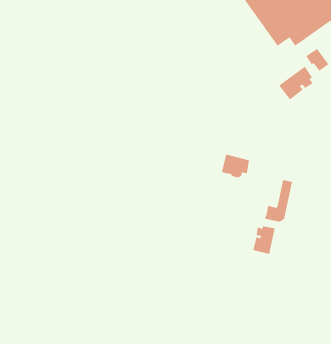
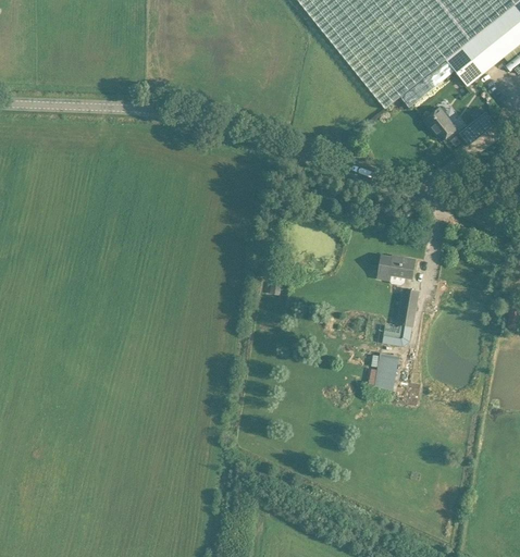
building: [278,66,313,100] -> none
building: [221,154,250,178] -> [376,252,414,284]

